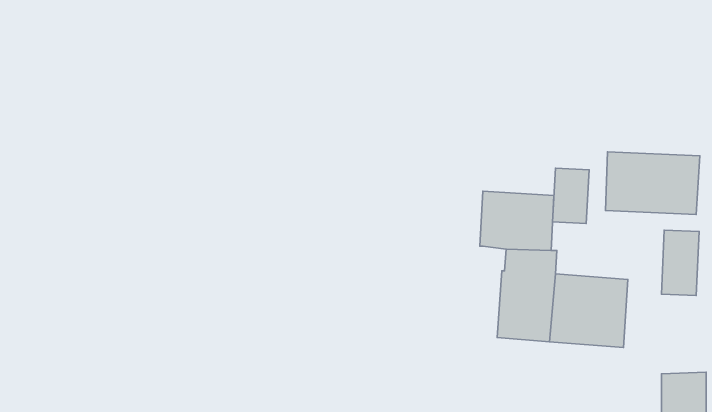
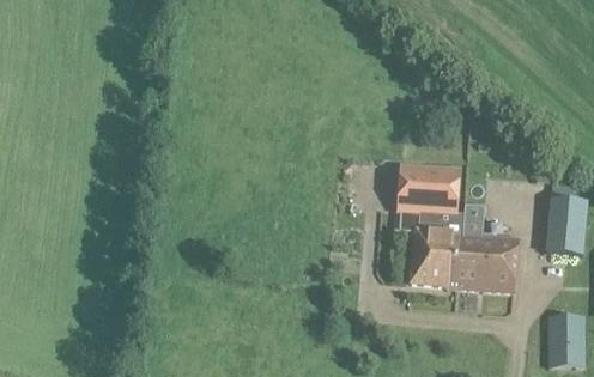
building: [605,152,700,215] -> none
building: [553,168,589,224] -> none

